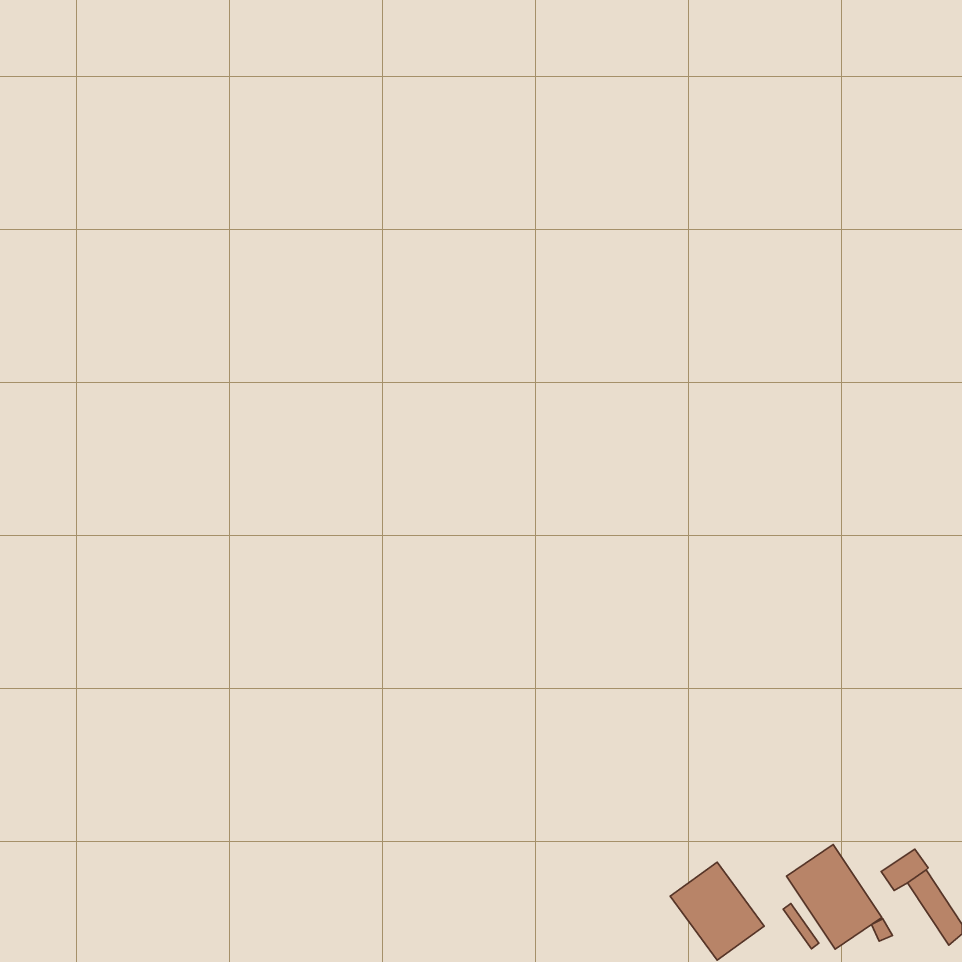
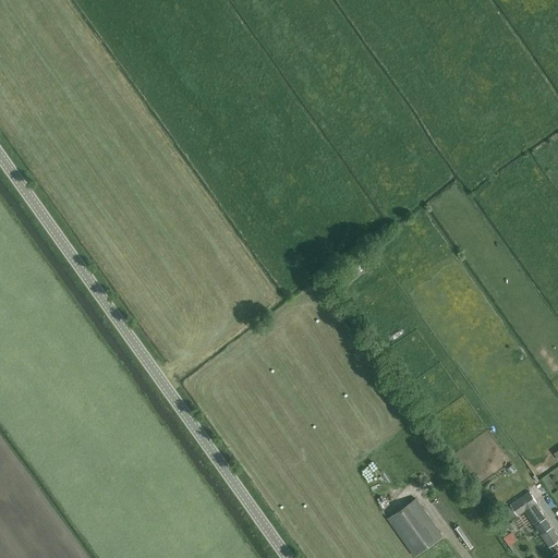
building: [787,844,882,949] -> none

